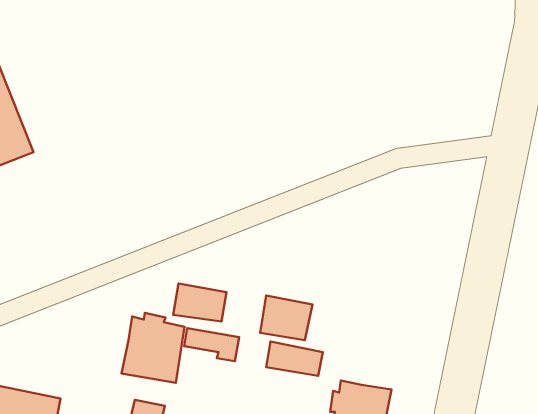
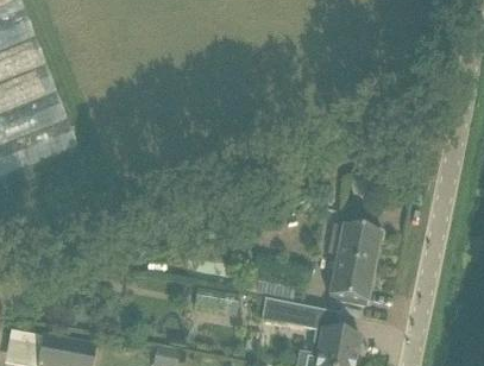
building: none -> [328,222,378,299]
building: [173,283,226,322] -> none
building: [122,313,185,383] -> none

